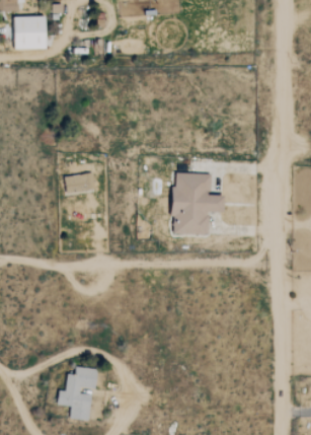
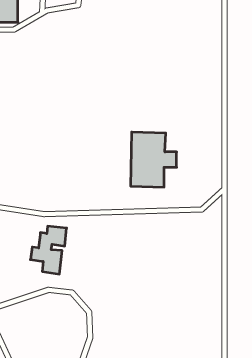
building: [66,173,96,193] -> none
building: [58,367,98,421] -> [30,226,67,274]

